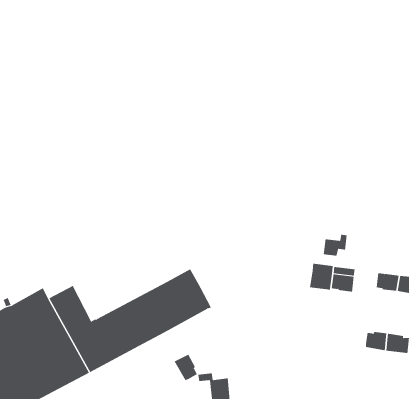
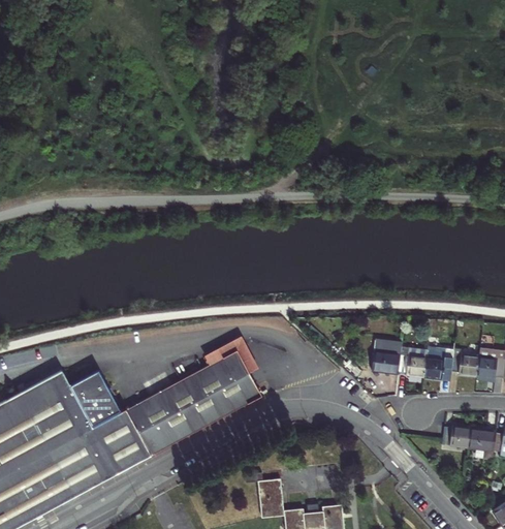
building: [323,234,348,256] -> [427,354,455,380]
building: none -> [202,336,256,373]
building: [174,354,198,381] -> none

